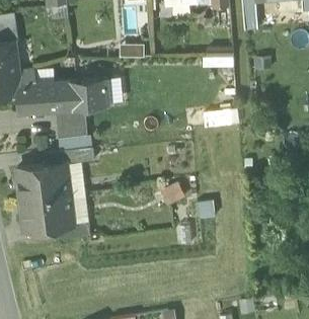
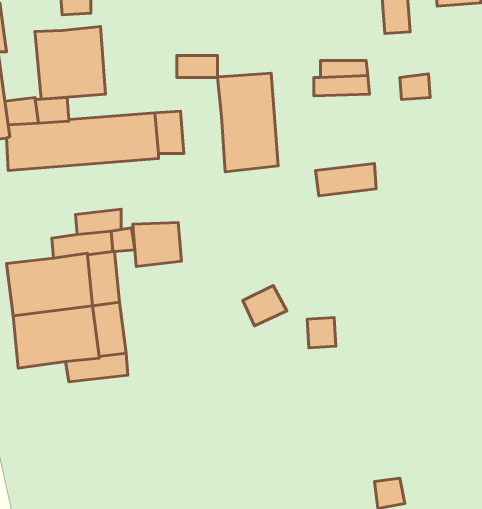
building: none -> [35,26,106,99]
building: none -> [217,73,278,172]
building: [57,111,86,138] -> [133,222,182,266]

